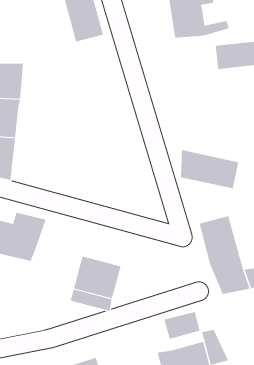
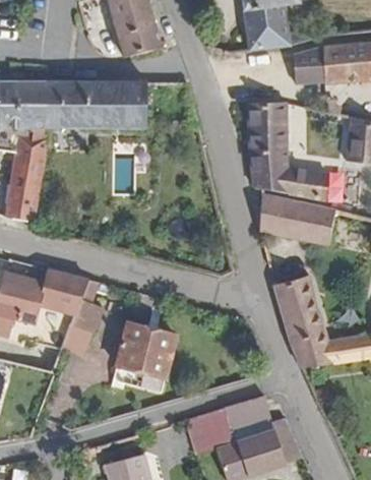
building: none -> [52,80,146,129]
building: none -> [243,100,327,201]
building: none -> [69,278,99,329]
building: none -> [196,404,242,451]

